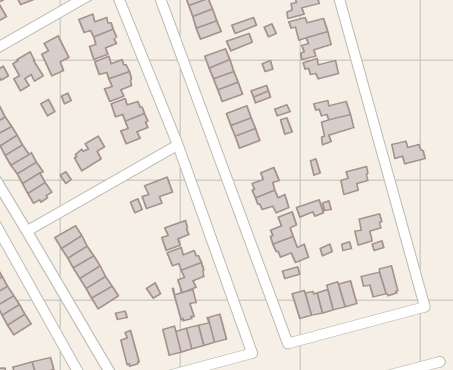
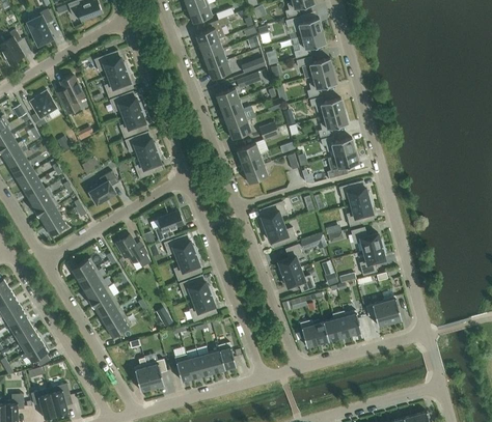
building: none -> [318,111,348,138]
building: [392,141,425,164] -> [338,184,371,205]
building: none -> [350,227,383,251]
building: none -> [115,235,151,268]
building: none -> [163,237,196,259]
building: [172,288,196,321] -> [143,358,166,389]

